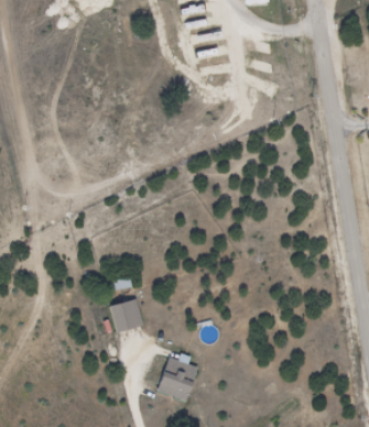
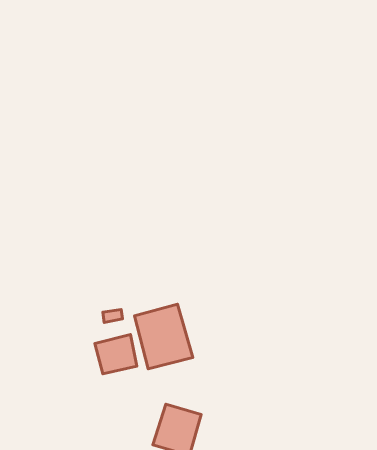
building: none -> [134,304,193,369]

